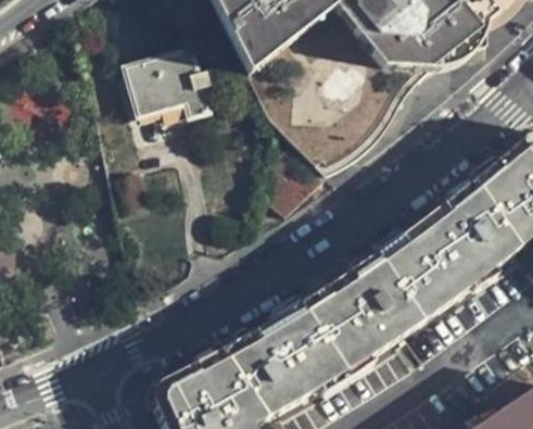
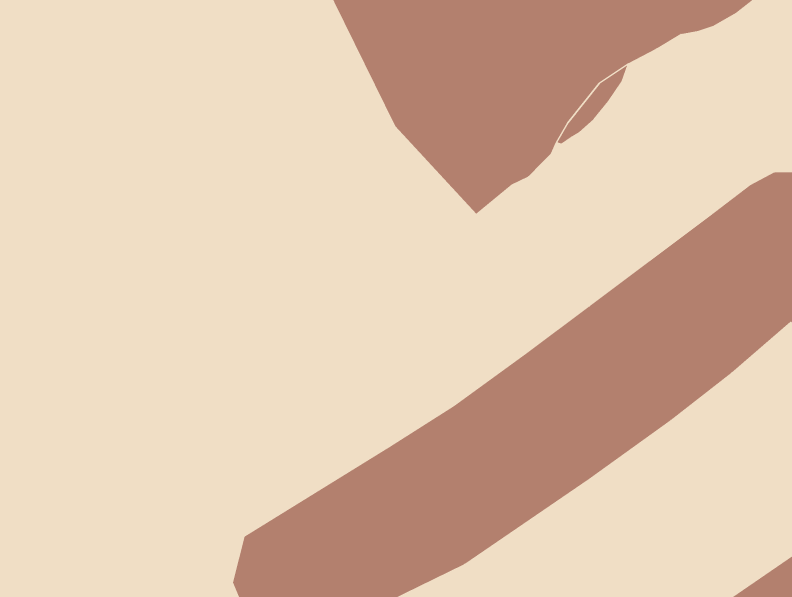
building: [123,40,211,125] -> none

